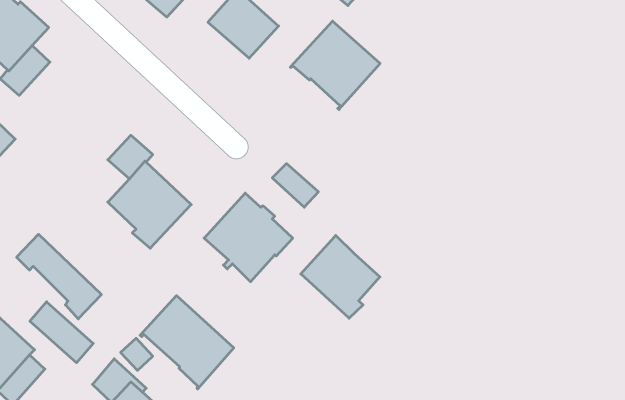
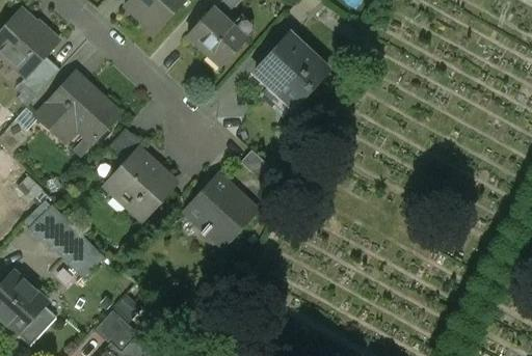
building: none -> [35,73,118,141]
building: [301,235,380,318] -> none
building: [140,296,234,389] -> none
building: [30,302,93,363] -> none

